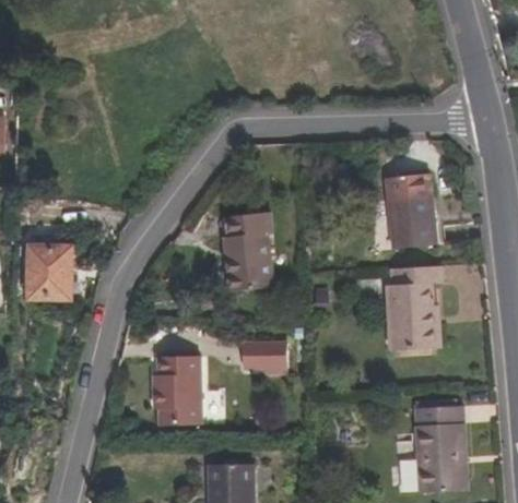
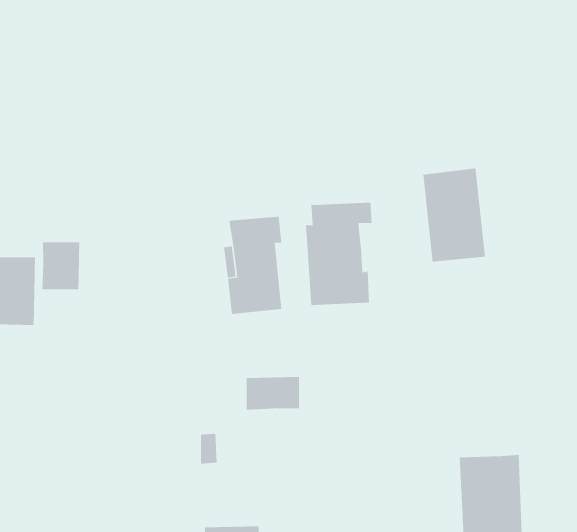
building: none -> [42,241,80,290]
building: [386,266,440,350] -> [305,202,373,306]
building: [152,356,200,424] -> none

